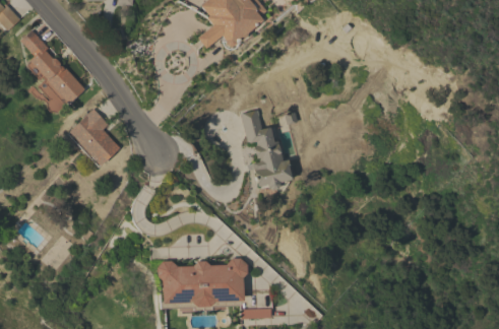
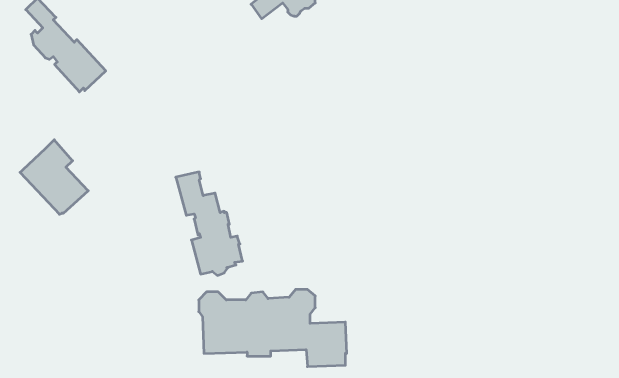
building: [67,109,120,167] -> [20,140,88,214]
building: [240,111,292,191] -> [176,172,243,275]

